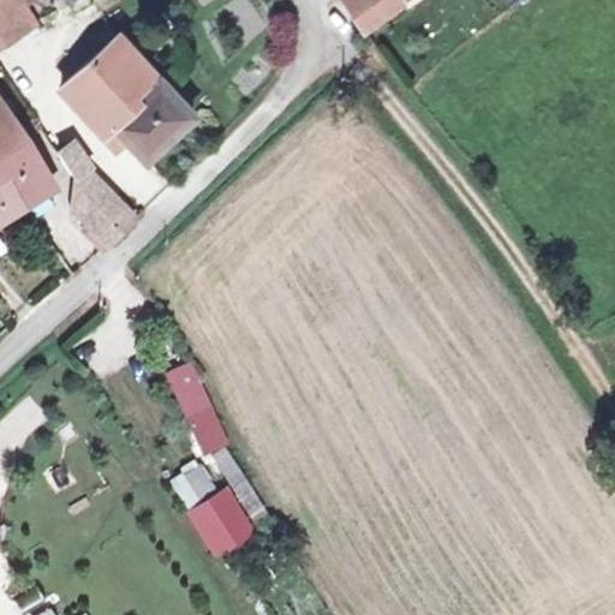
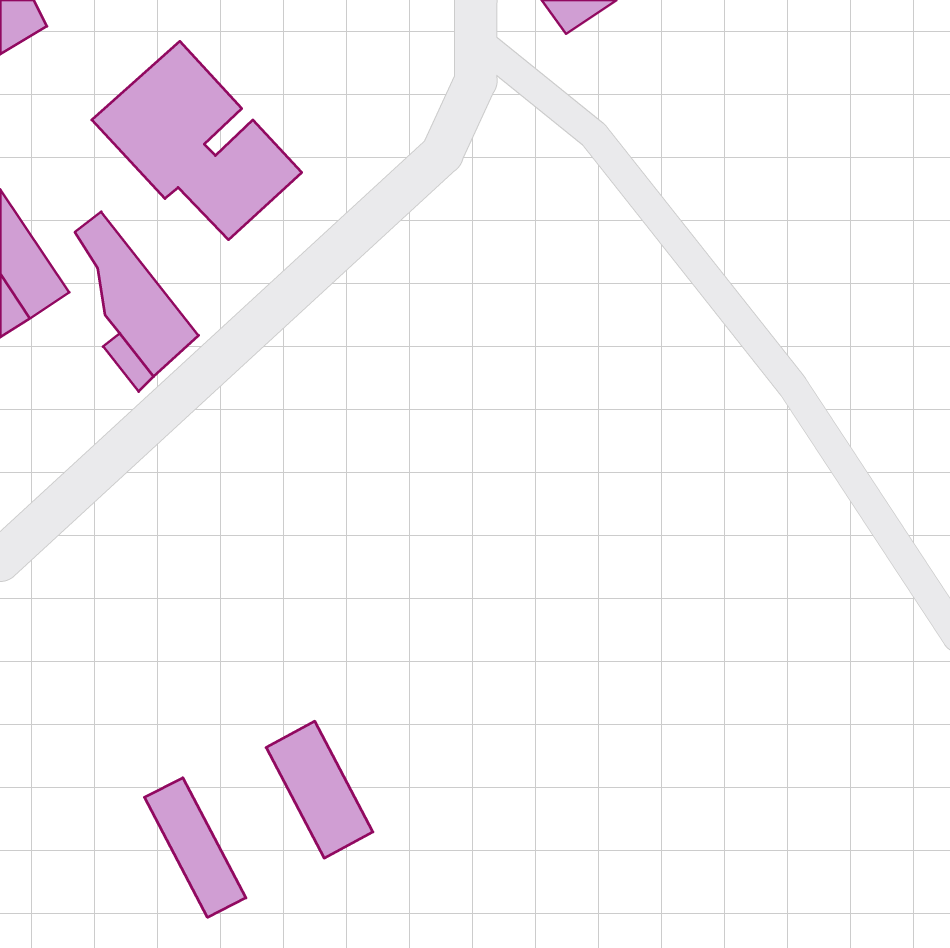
building: [166,366,234,465] -> none
building: none -> [144,778,246,917]

